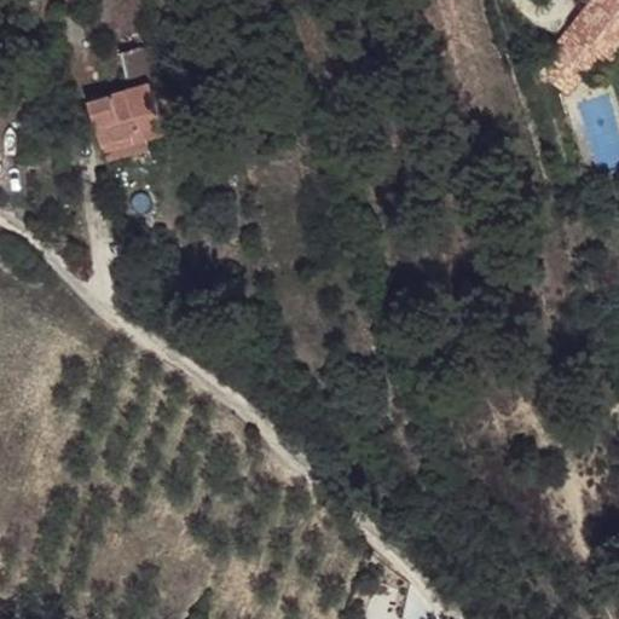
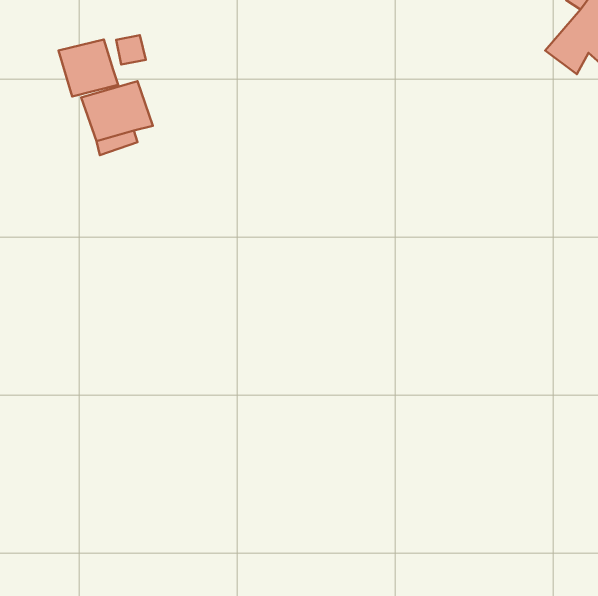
building: none -> [59,40,118,96]

